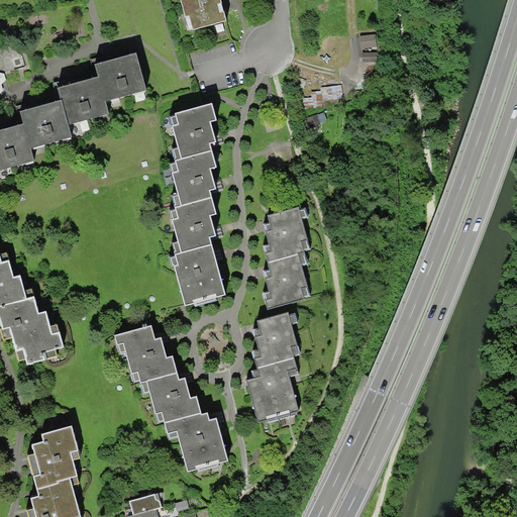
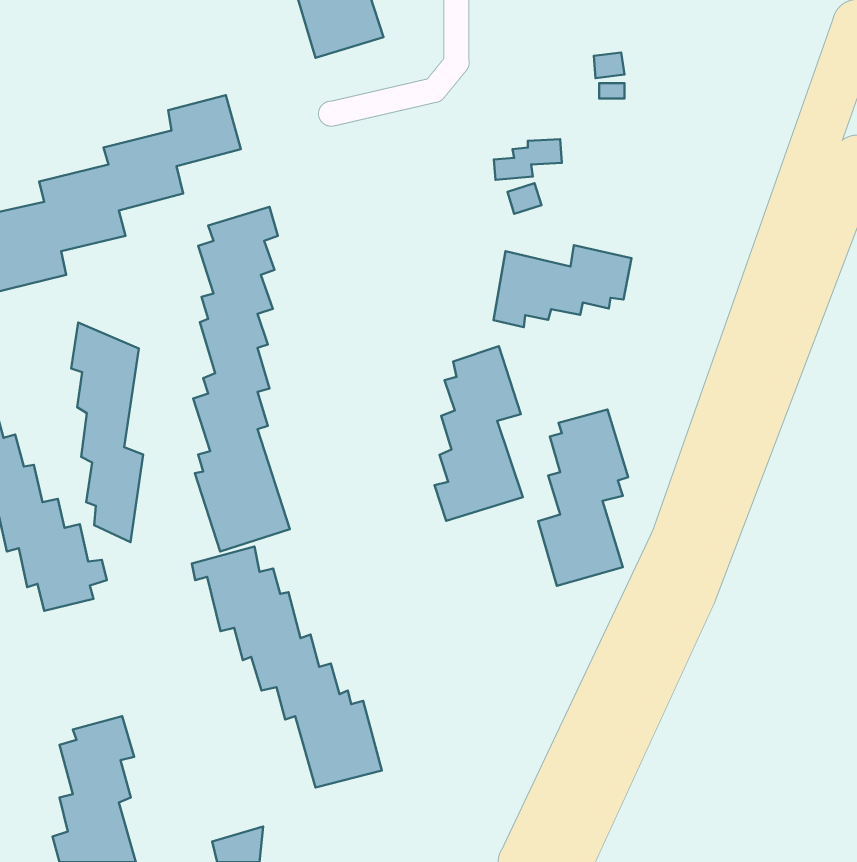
building: [169,103,226,308] -> [193,207,290,551]
building: none -> [493,245,632,327]
building: none -> [71,323,143,542]
building: [245,312,299,417] -> [538,409,628,586]

